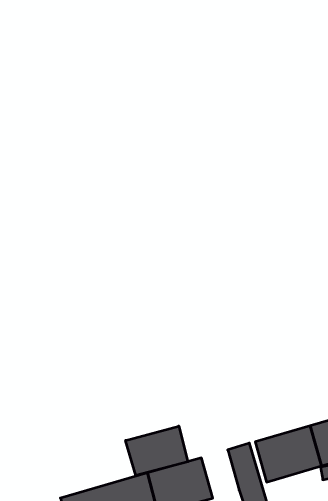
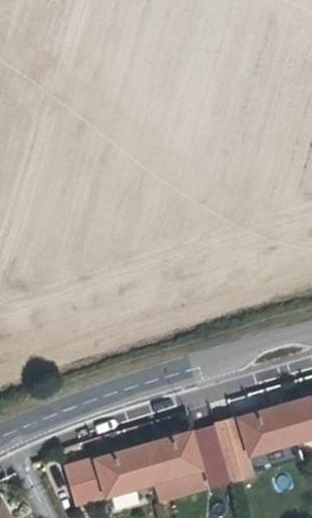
building: [126,426,188,476] -> none

